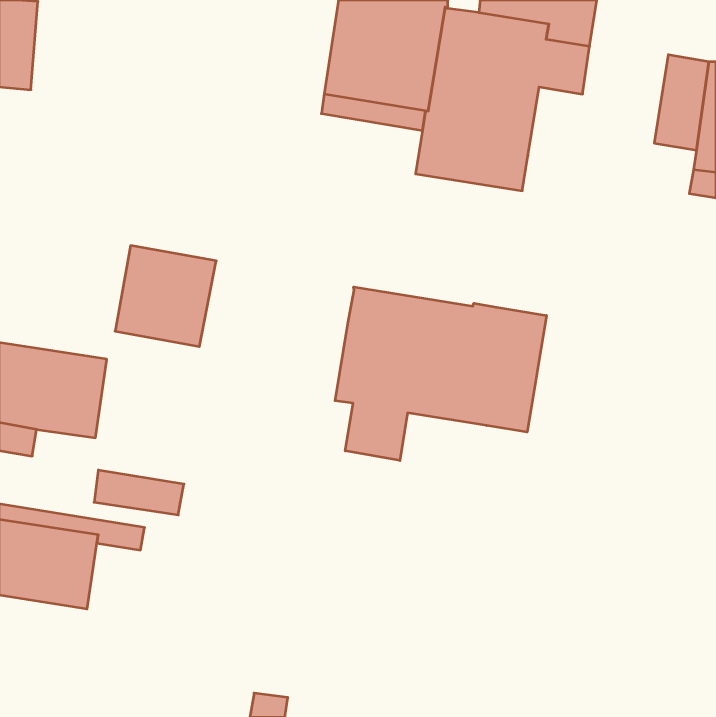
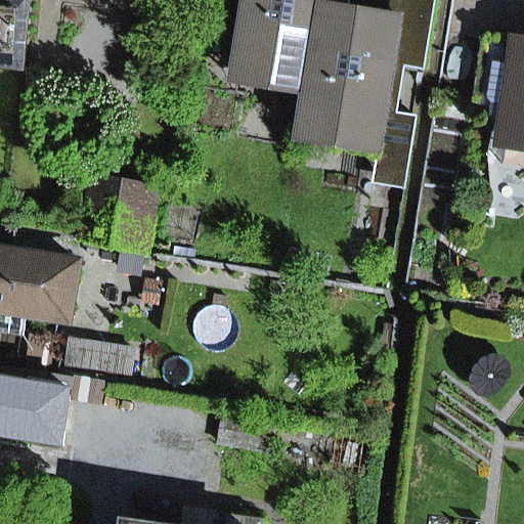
building: none -> [300,114,417,187]
building: [335,287,546,461] -> none

